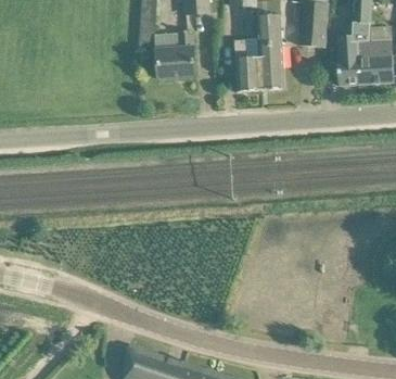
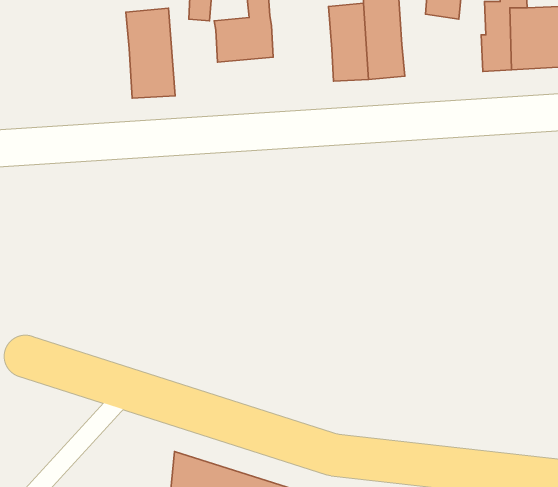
building: none -> [126,8,175,98]

